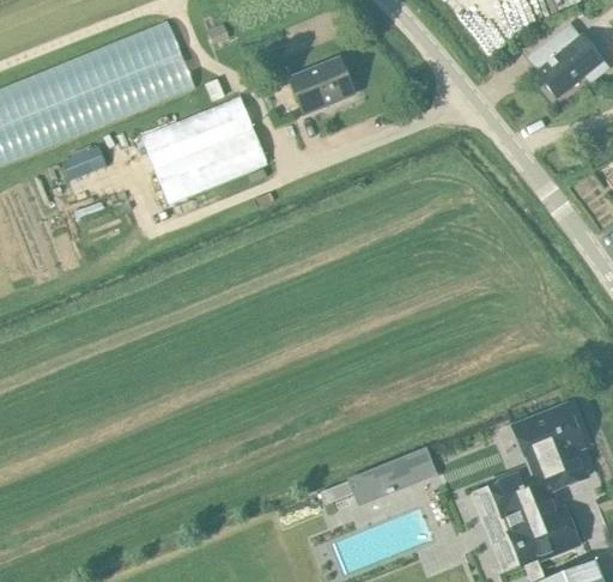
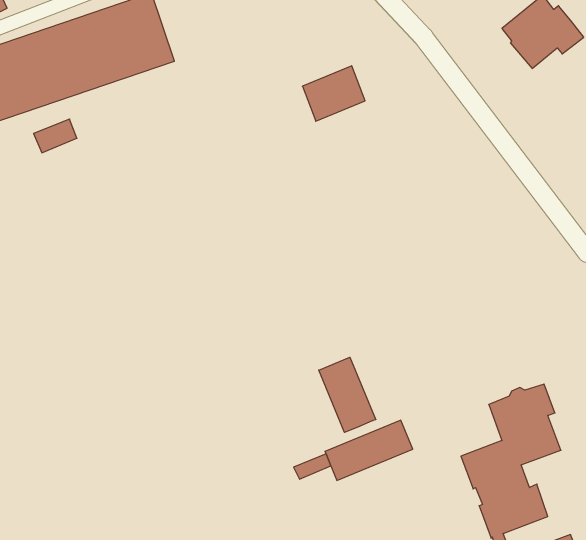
building: [289,57,351,113] -> [302,66,365,121]
building: [144,98,263,200] -> none
building: none -> [319,357,376,432]

